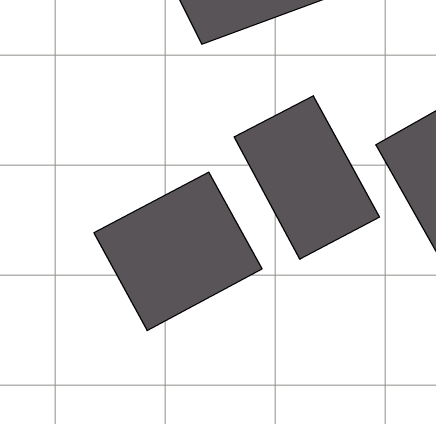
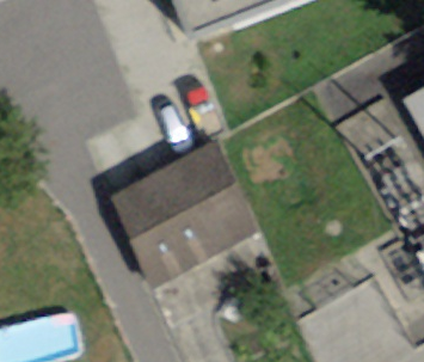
building: [234,96,379,259] -> none

